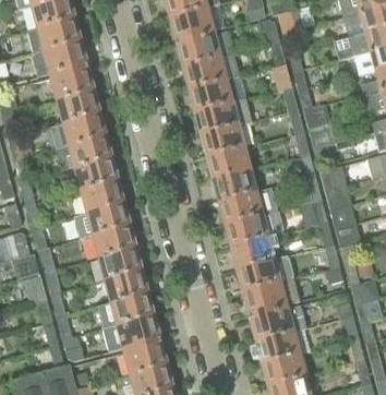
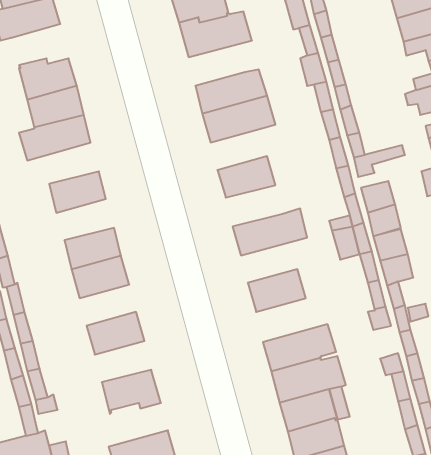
building: [43,43,88,77] -> none
building: [183,56,239,92] -> none
building: [201,125,245,158] -> none
building: [68,136,112,169] -> none
building: [213,170,257,203] -> none
building: [79,181,124,214] -> none
building: [225,212,282,248] -> none
building: [97,249,142,282] -> none
building: [237,256,293,295] -> none
building: [96,294,154,330] -> none
building: [121,343,167,375] -> none

